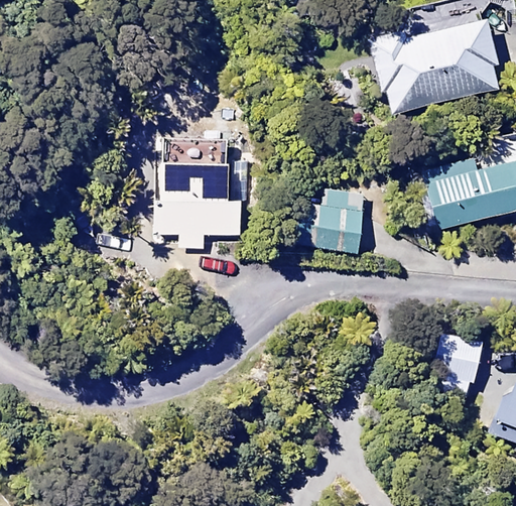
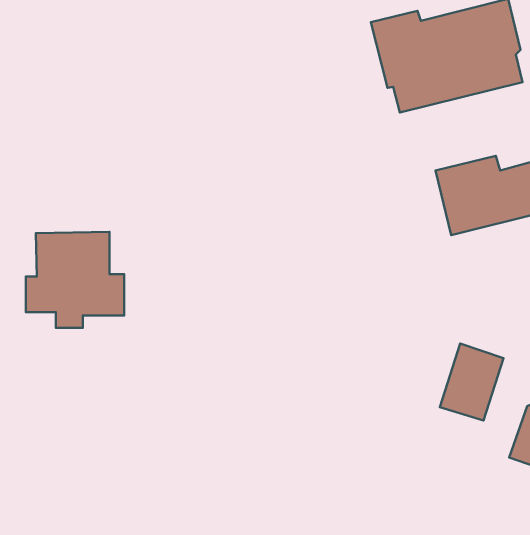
building: [153,159,242,246] -> [26,232,124,328]
building: [298,188,367,251] -> none

